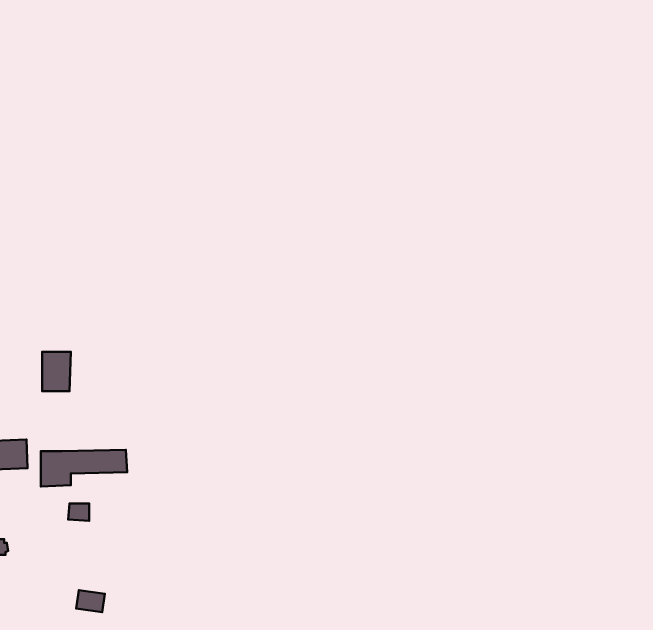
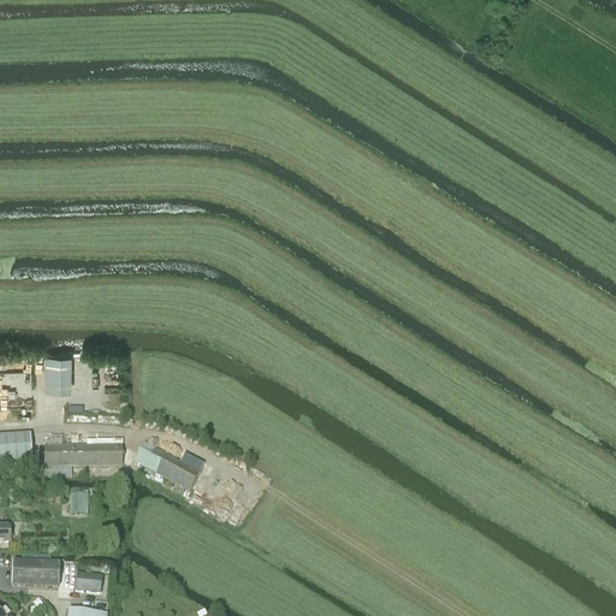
building: none -> [134,439,200,488]
building: none -> [12,558,59,585]

